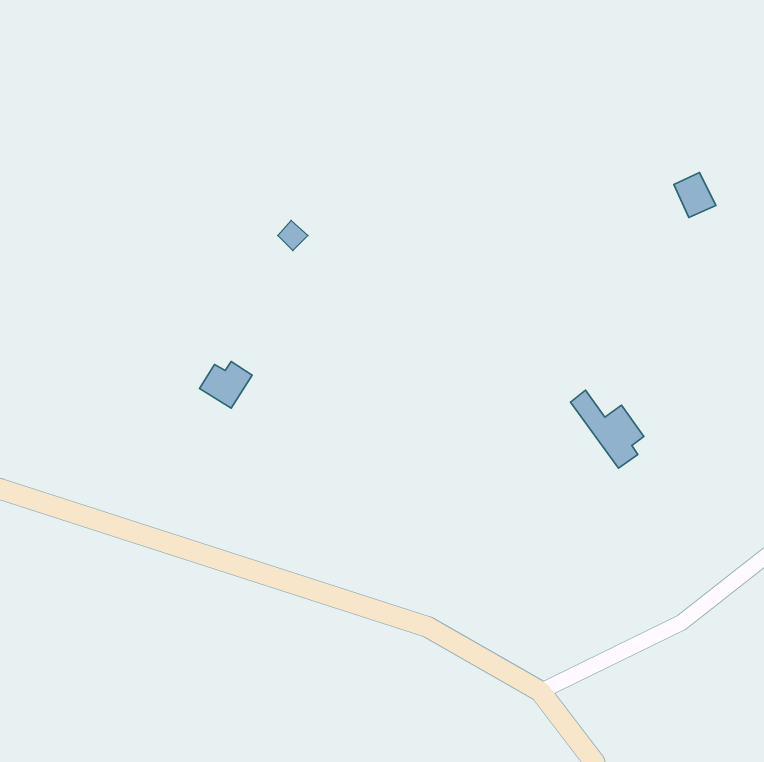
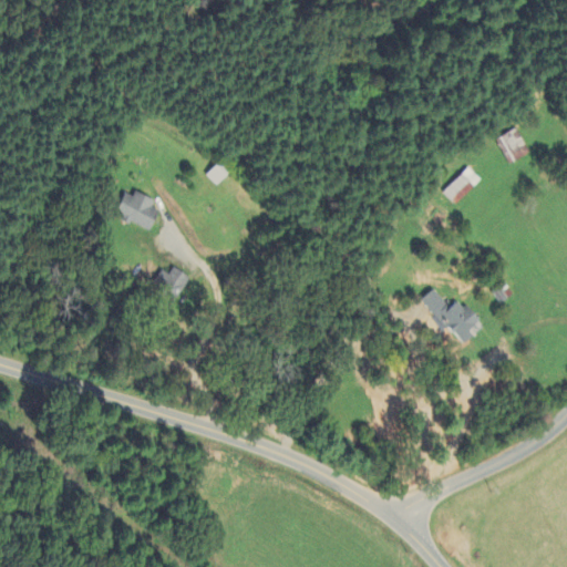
building: none -> [444,166,481,204]
building: none -> [115,192,162,229]

